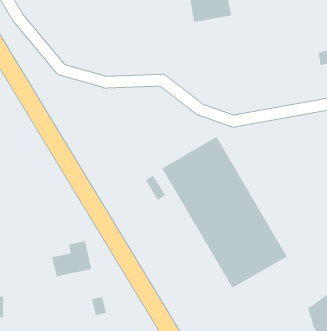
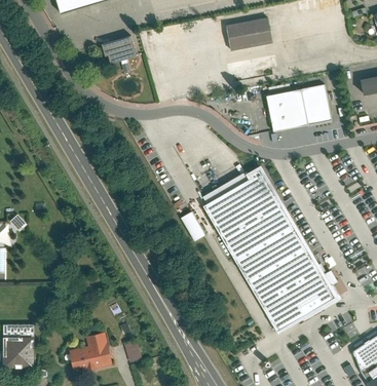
building: none -> [104,34,139,61]
building: none -> [266,84,331,129]
building: [51,240,92,277] -> [71,326,114,365]

